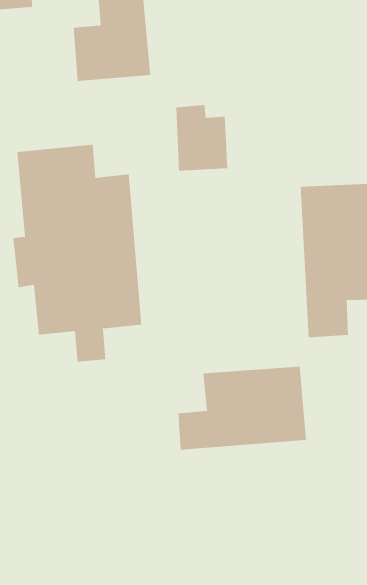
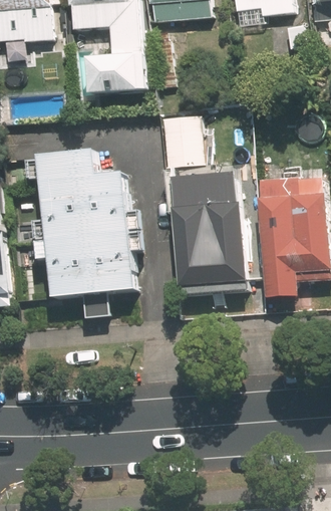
building: none -> [169,171,254,291]
building: [178,366,306,450] -> none

